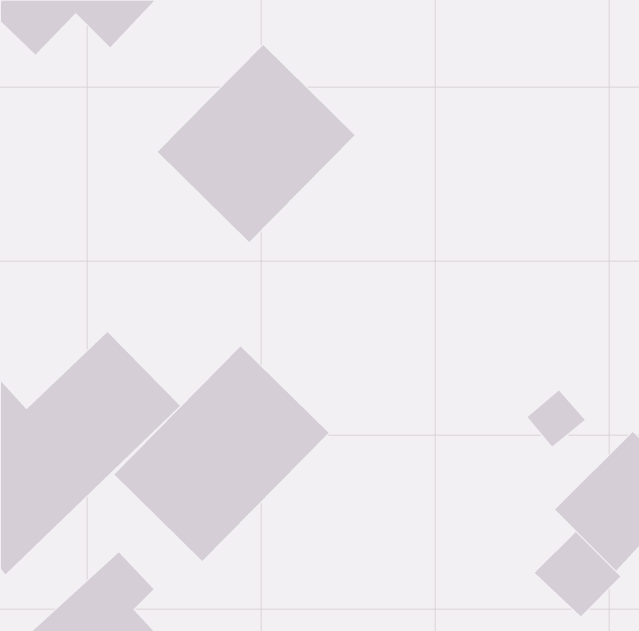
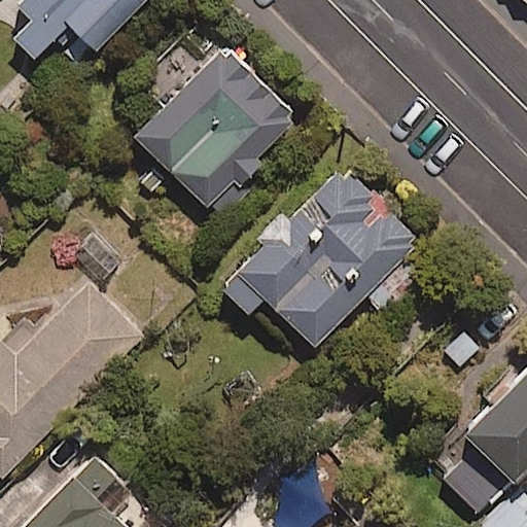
building: none -> [216,157,421,345]
building: [113,345,329,562] -> none

